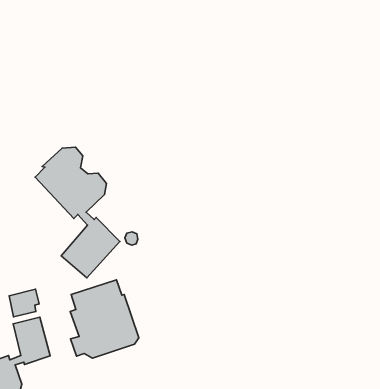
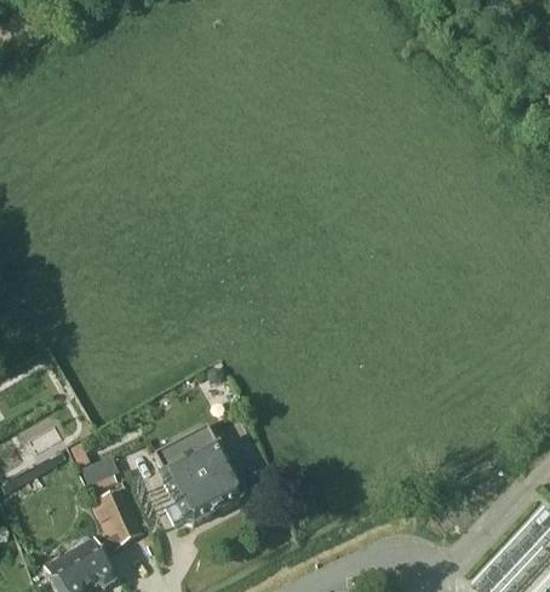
building: [35,147,120,278] -> none

